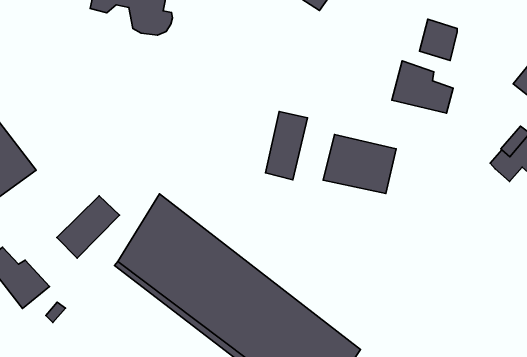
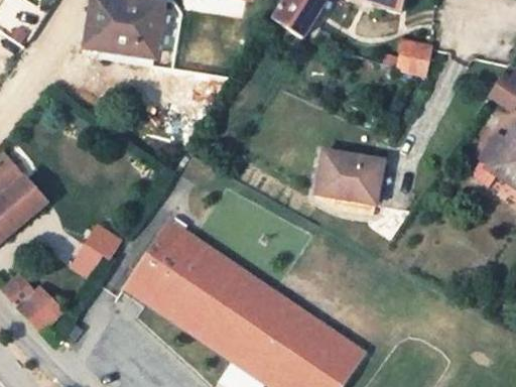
building: [392,61,453,113] -> none
building: [265,111,308,180] -> none

